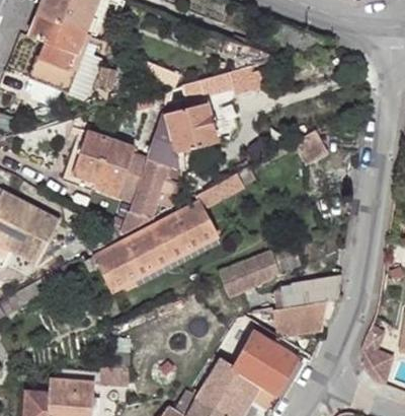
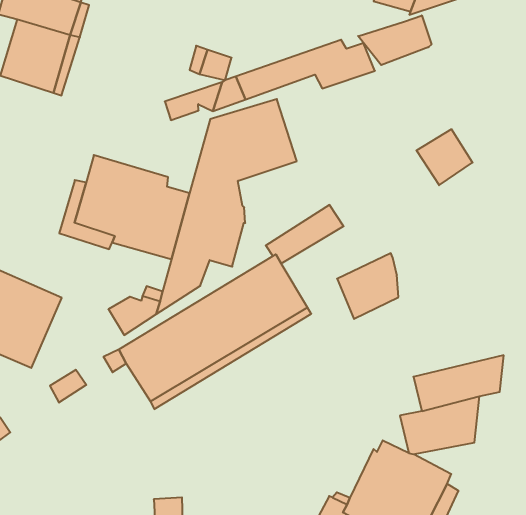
building: none -> [358,15,431,65]
building: [236,249,274,289] -> [337,253,398,319]

